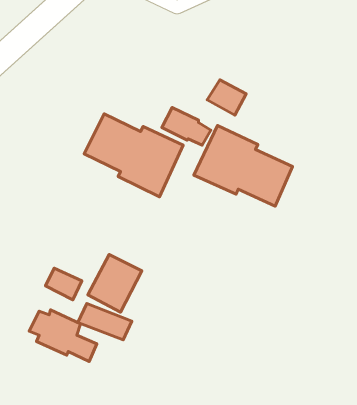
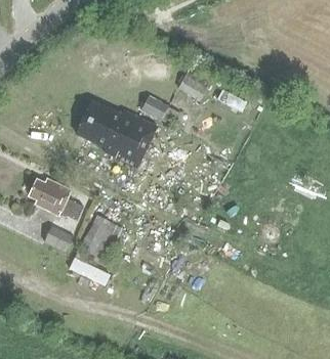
building: [194,126,293,206] -> none
building: [29,310,97,361] -> [28,177,83,219]

